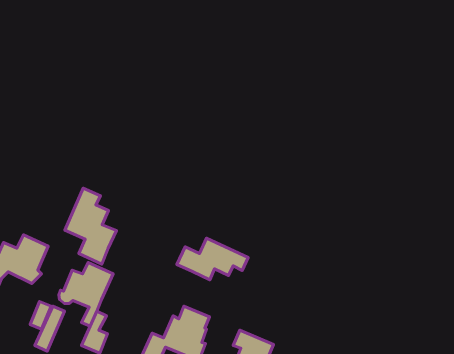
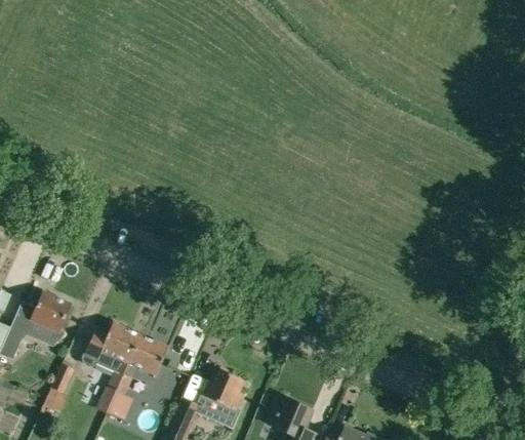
building: [65,188,116,264] -> none
building: [177,238,248,280] -> none
building: none -> [127,334,167,374]

